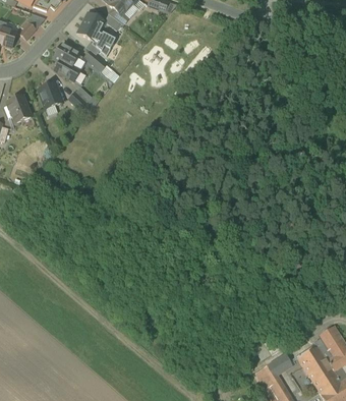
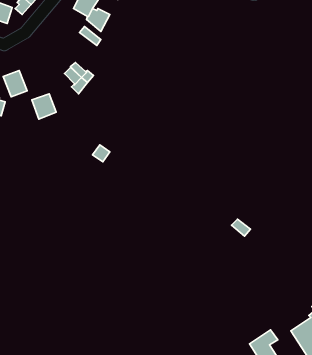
building: [53,43,79,79] -> none
building: [38,82,62,108] -> [32,94,56,119]

